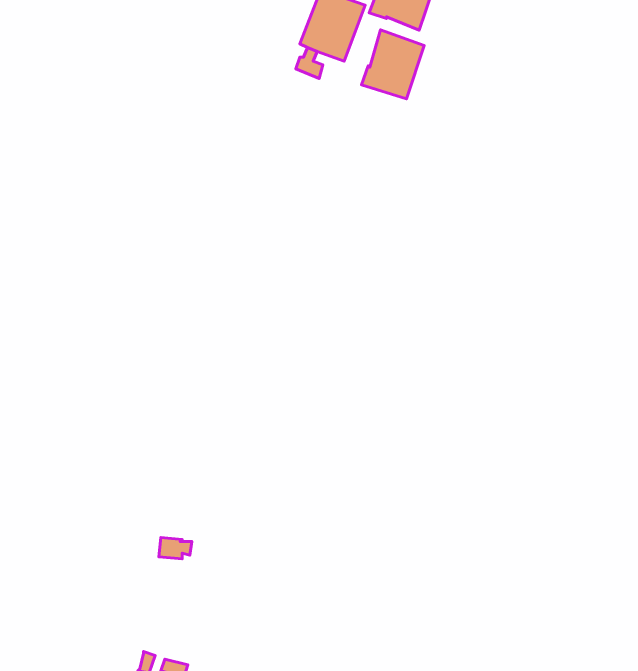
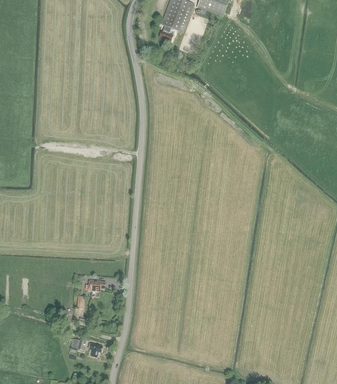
building: [361,30,424,99] -> none

